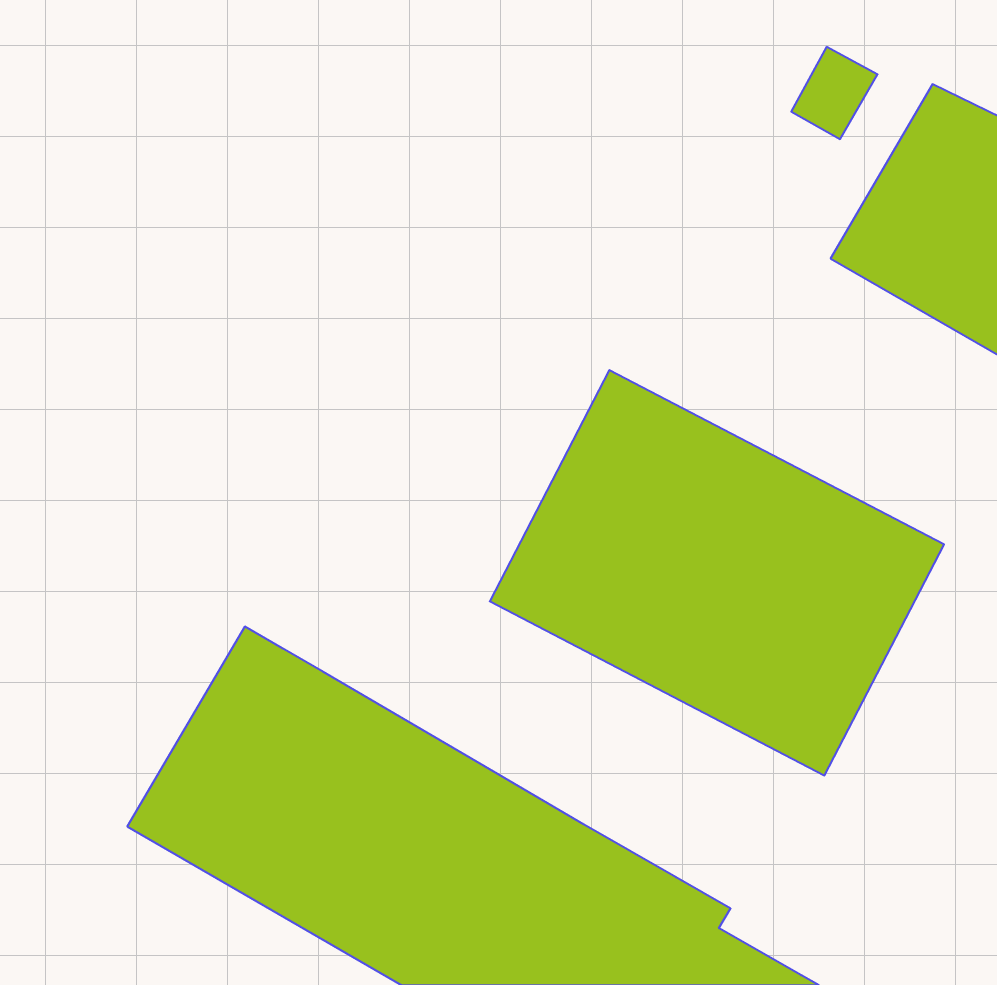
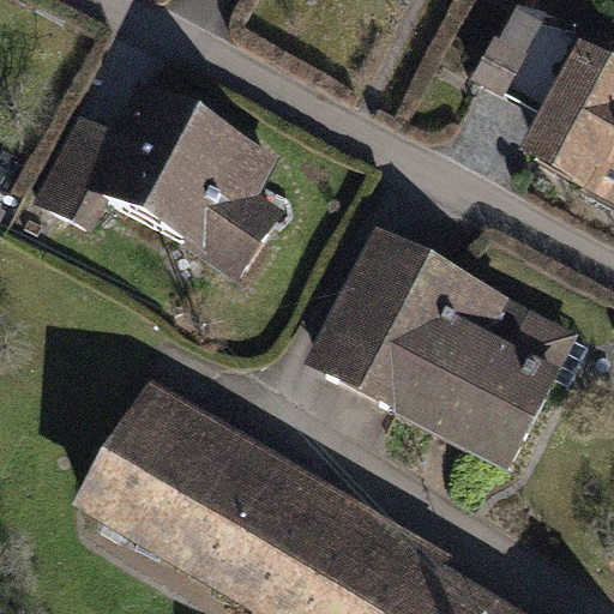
building: none -> [30,78,288,277]

